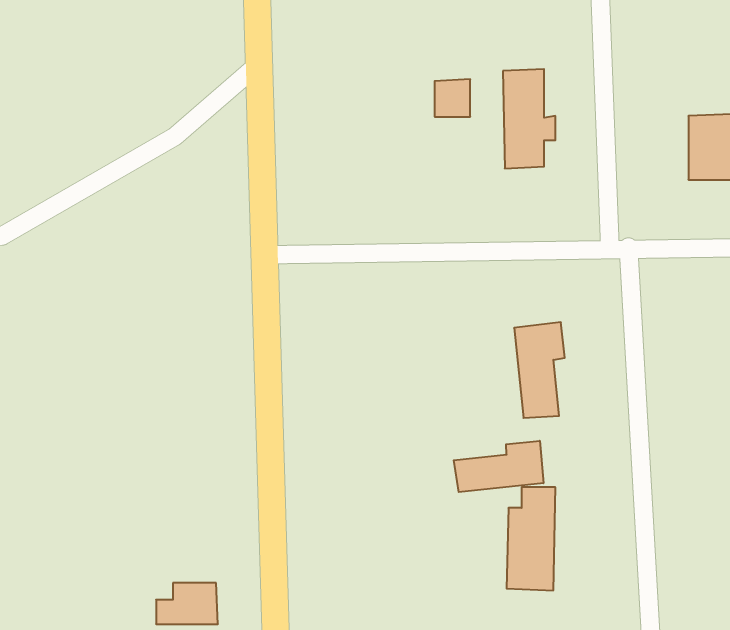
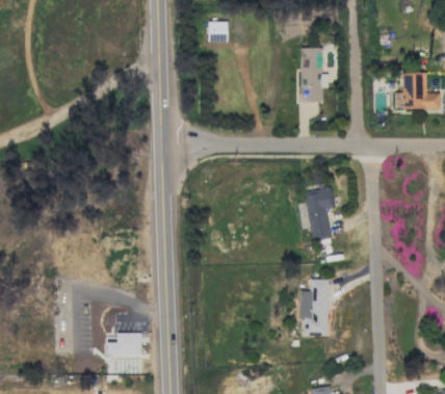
building: [435,79,470,117] -> [208,21,228,42]
building: [454,441,543,492] -> none

